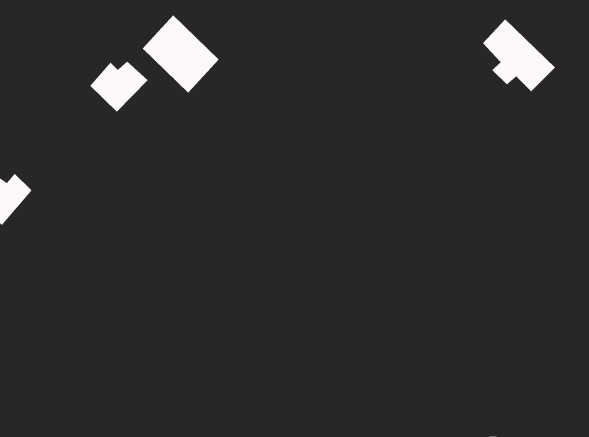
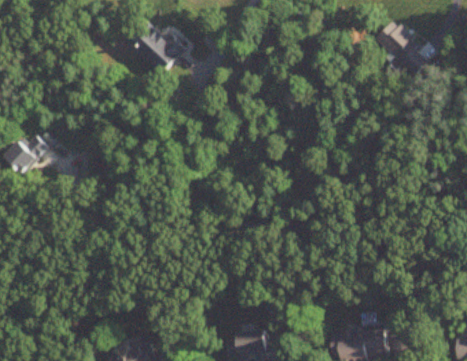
building: [89,61,149,113] -> none

